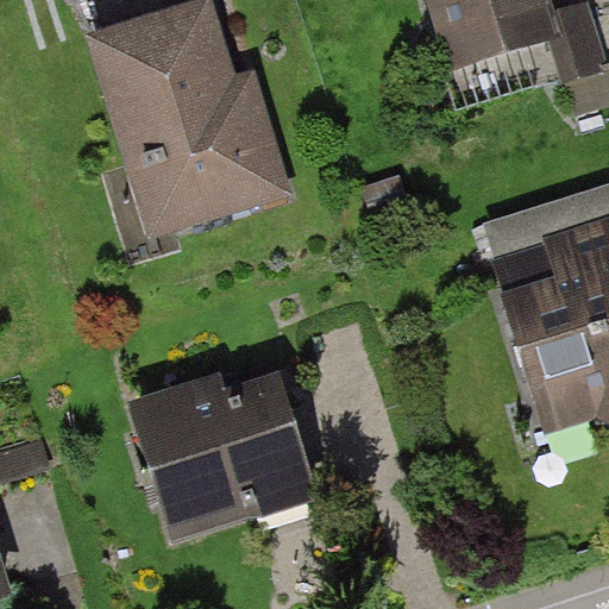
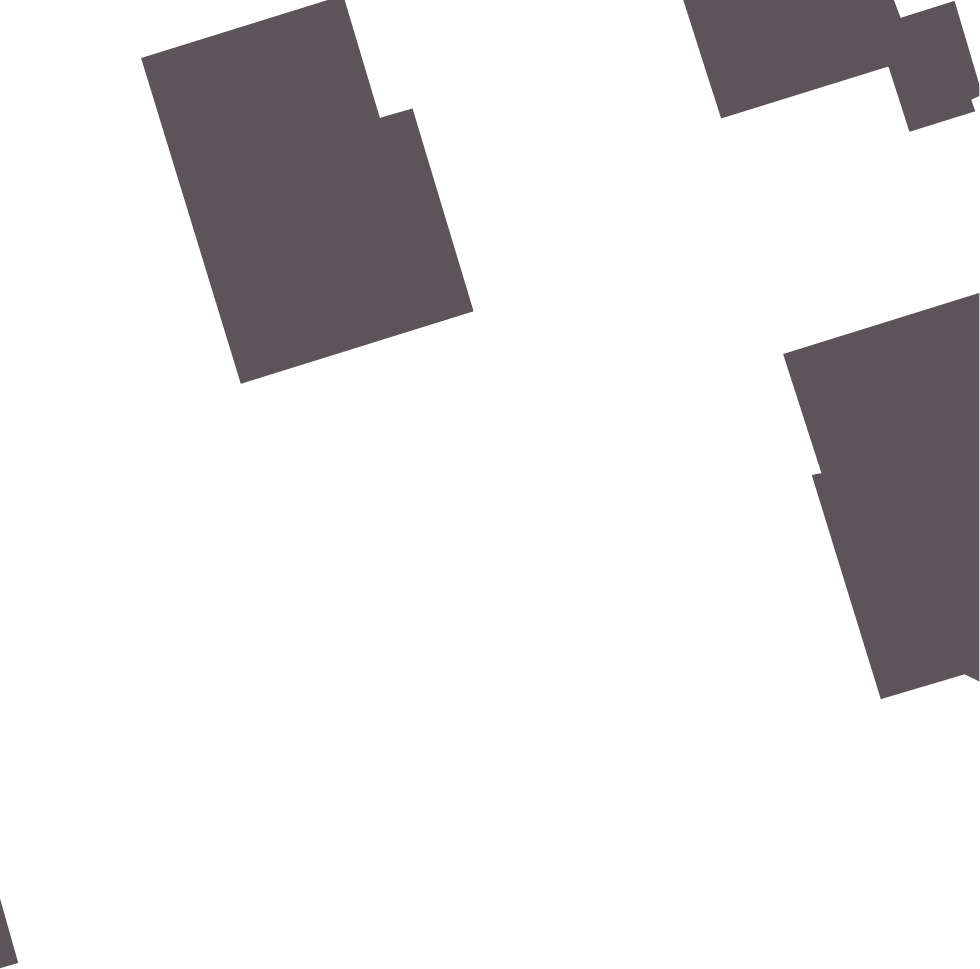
building: [127,372,318,540] -> none

